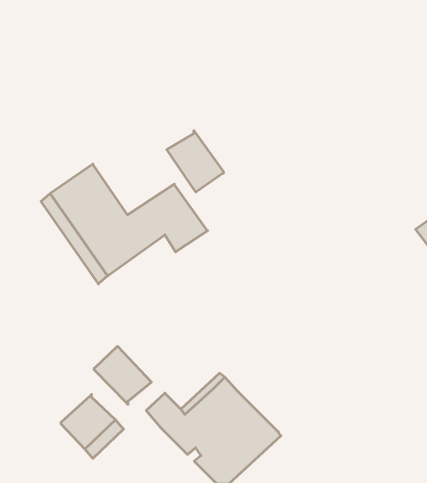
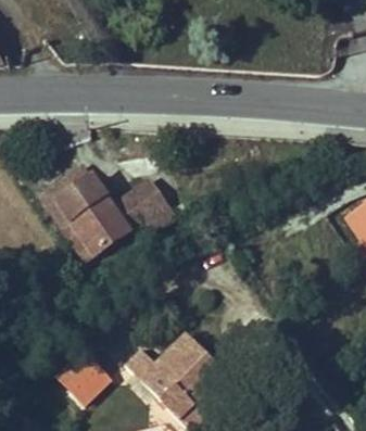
building: [167,131,223,192] -> none
building: [94,346,151,404] -> none

